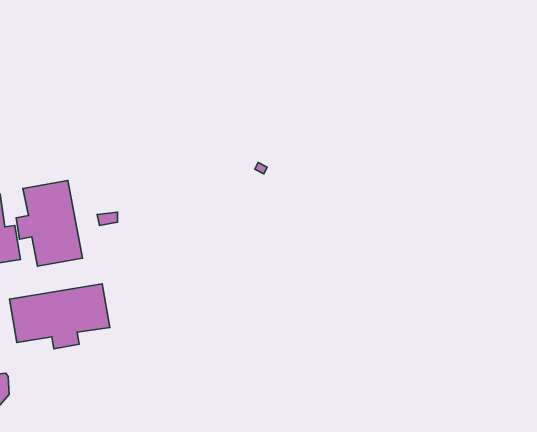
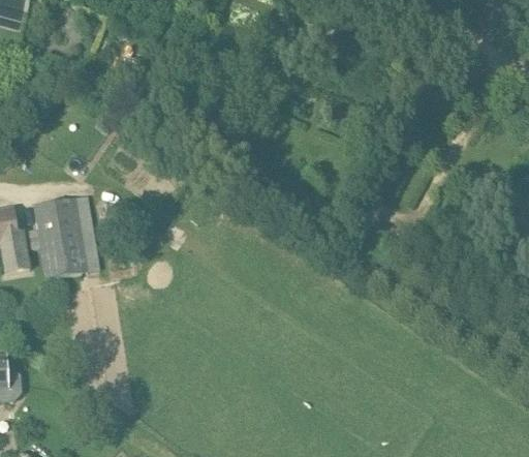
building: [9,284,110,349] -> none

